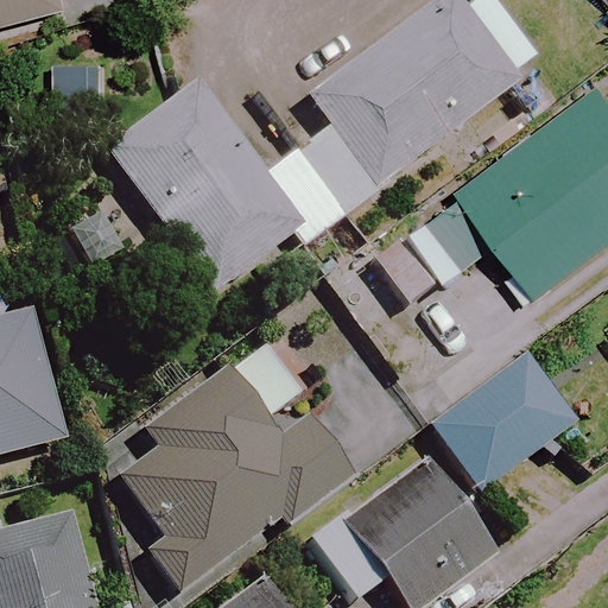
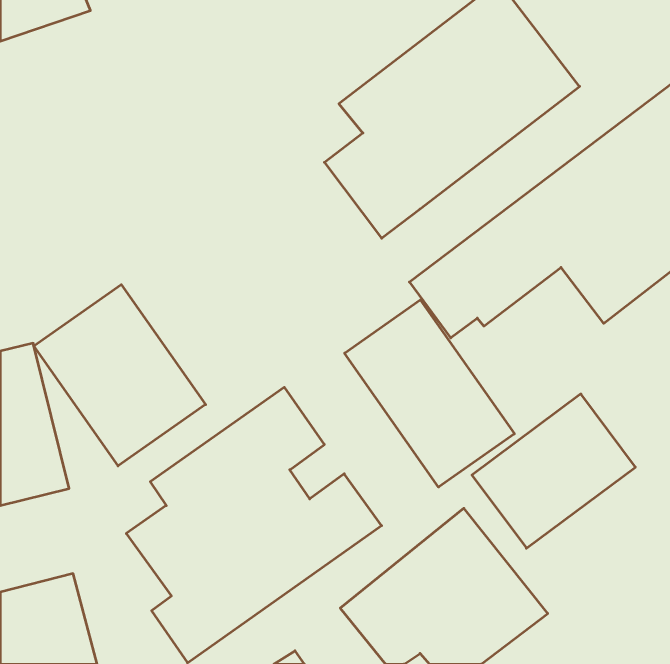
building: [101,77,349,292] -> none
building: none -> [34,285,206,466]
building: none -> [345,300,514,487]

